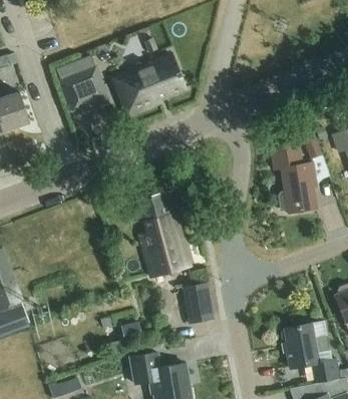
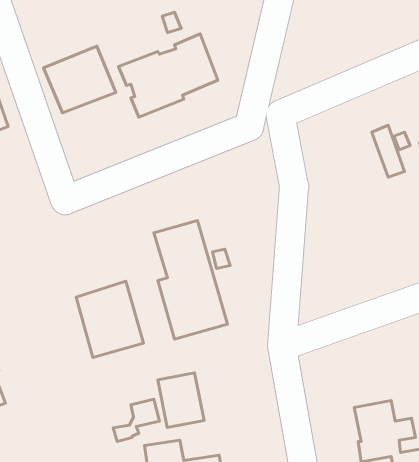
building: [270,146,318,215] -> none
building: none -> [76,281,143,358]
building: [180,283,214,323] -> [158,373,204,427]

